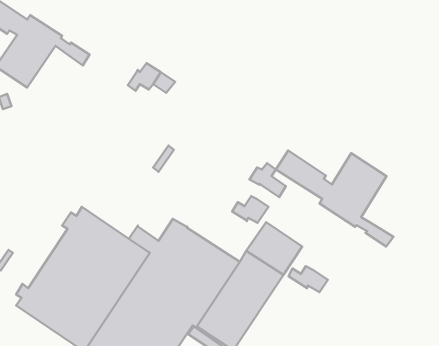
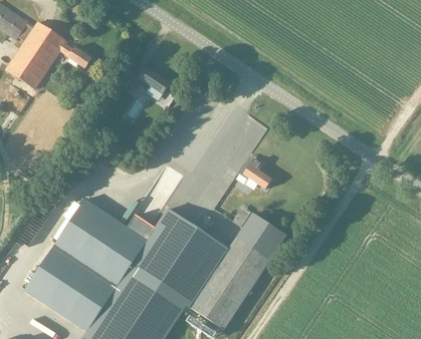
building: [276,151,393,247] -> none
building: [232,196,268,223] -> none
building: [288,266,328,292] -> none

